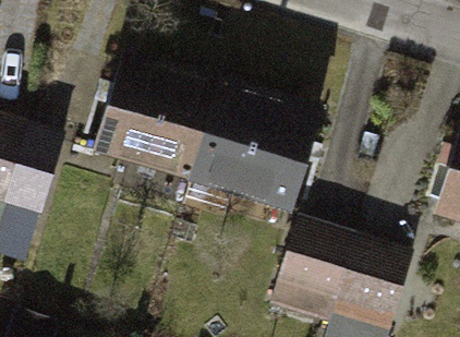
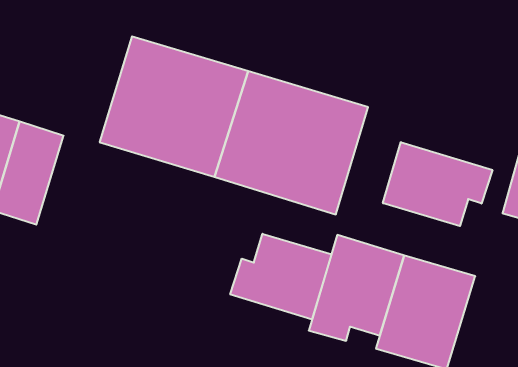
building: none -> [383,142,492,226]
building: none -> [230,234,331,320]

